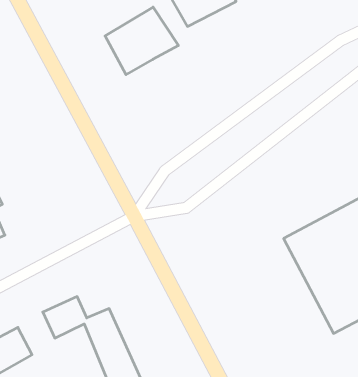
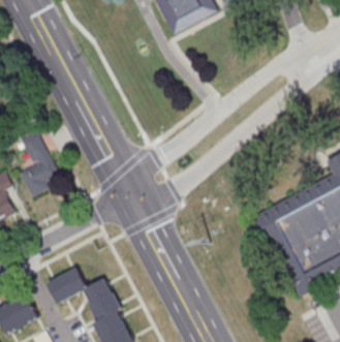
building: [105,7,178,75] -> none
building: none -> [18,135,58,196]

